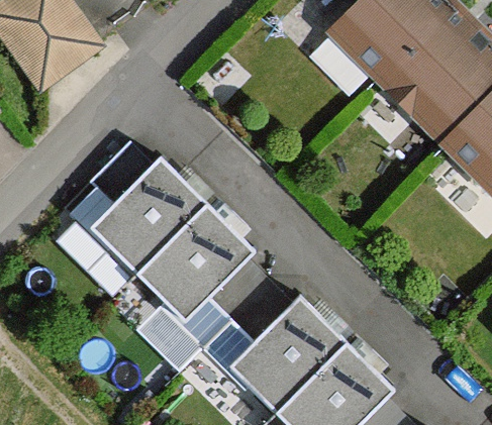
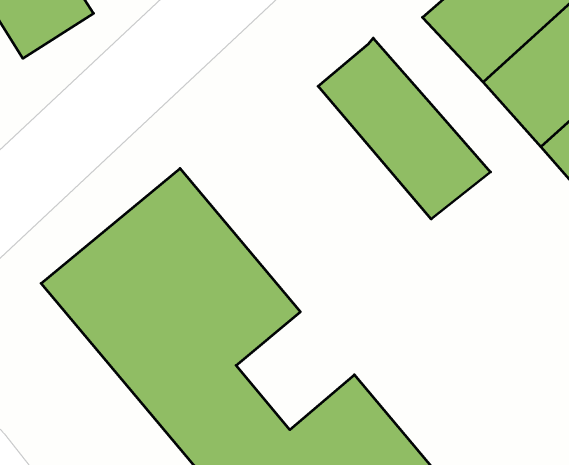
building: none -> [318,38,491,219]

